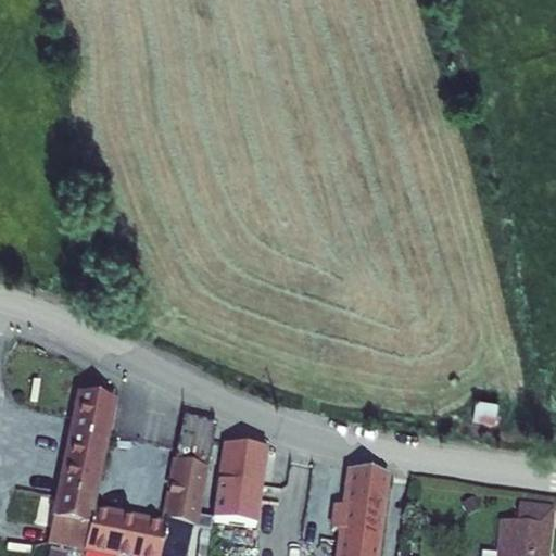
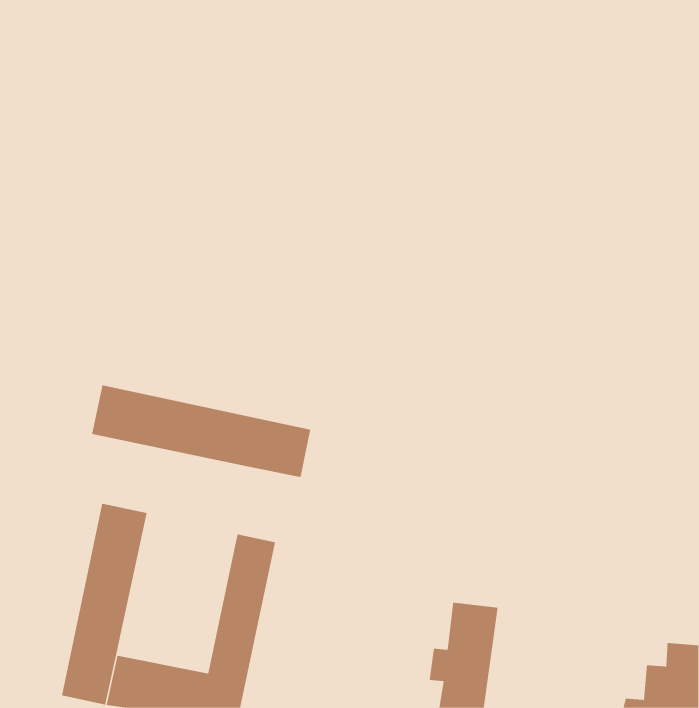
building: none -> [92,384,311,478]
building: [213,444,264,525] -> none

